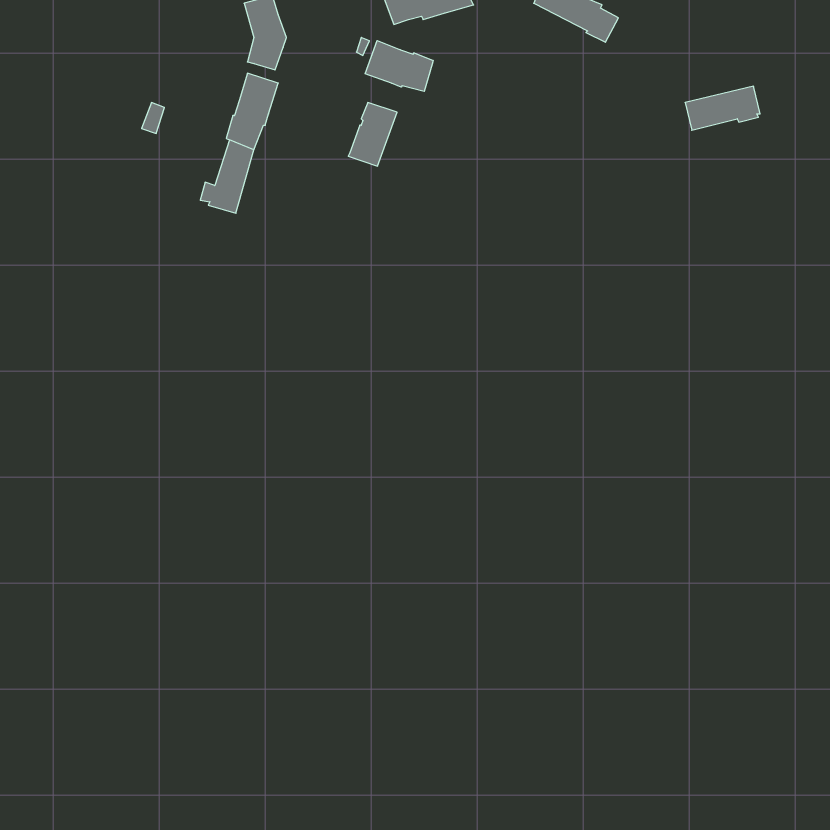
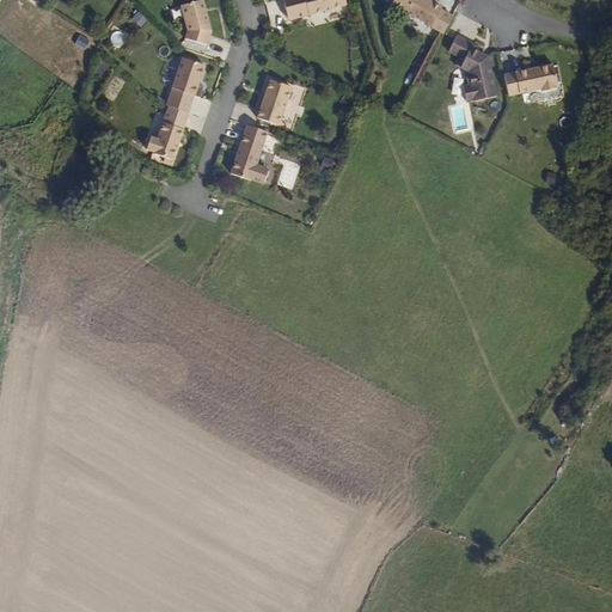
building: [365,41,433,91] -> none
building: none -> [447,39,498,100]
building: none -> [231,122,269,179]

